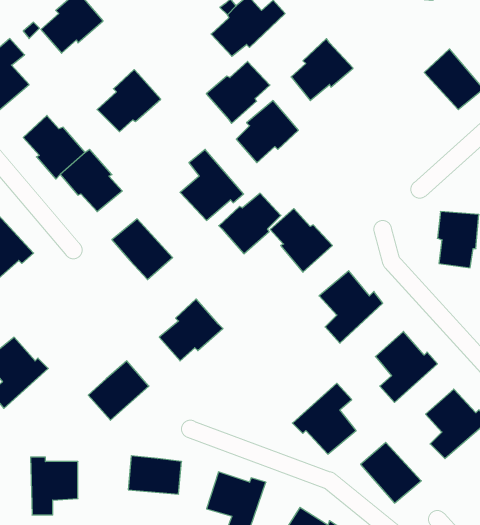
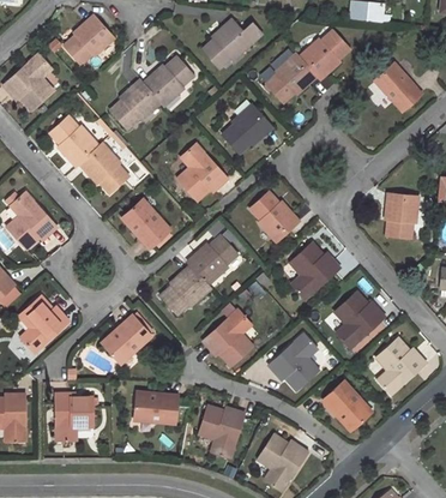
building: none -> [297,30,350,80]
building: [206,61,270,123] -> [143,55,194,106]
building: [219,193,281,254] -> [187,235,237,284]
building: none -> [203,308,254,367]

